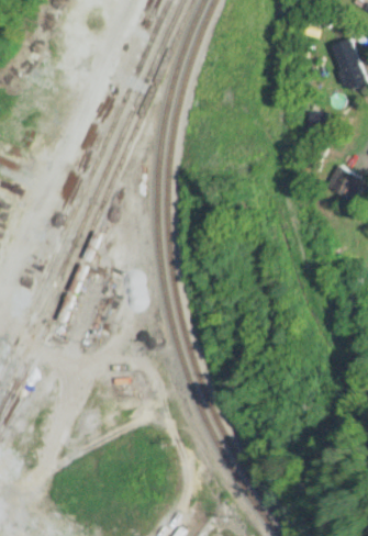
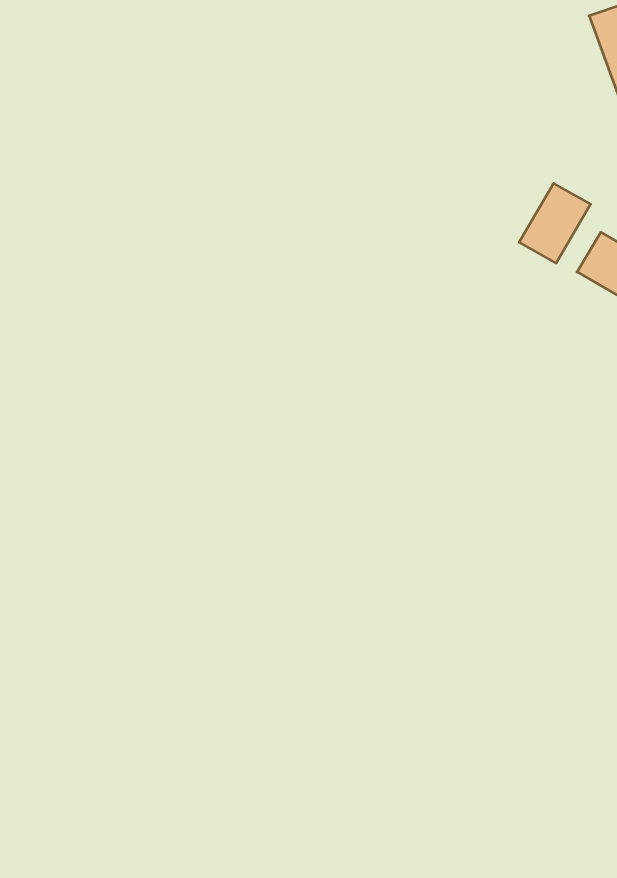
building: none -> [519,183,591,263]

